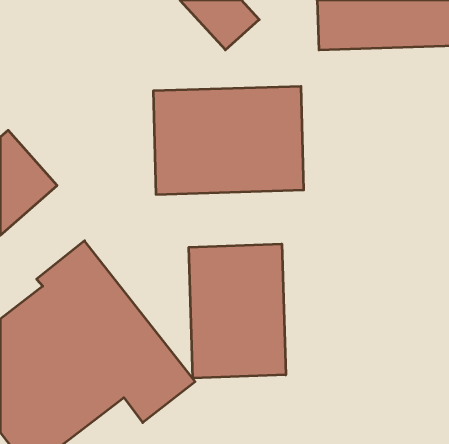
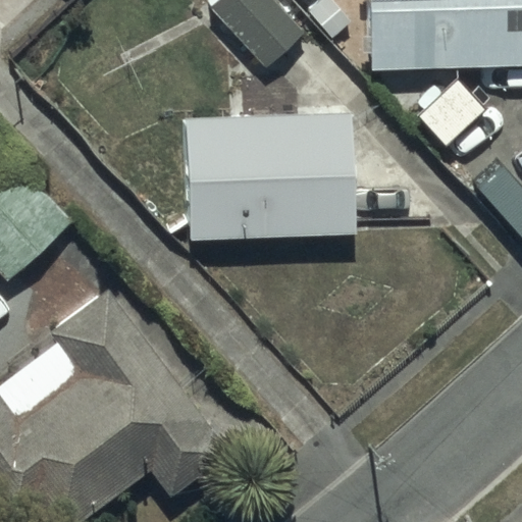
building: [189,244,286,378] -> none

